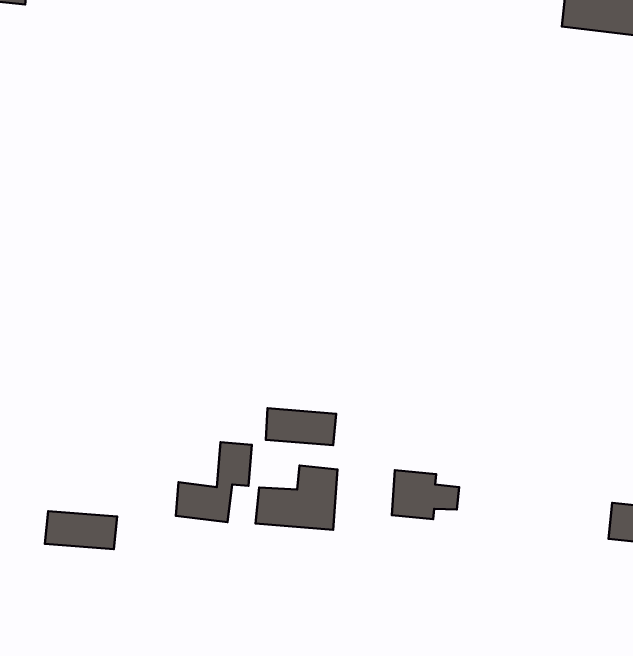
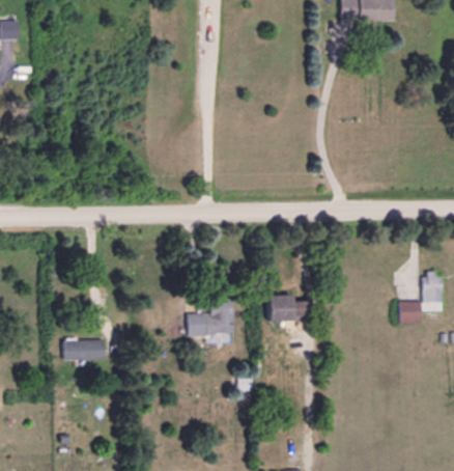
building: [266,408,336,445] -> none
building: [176,442,252,522] -> none

